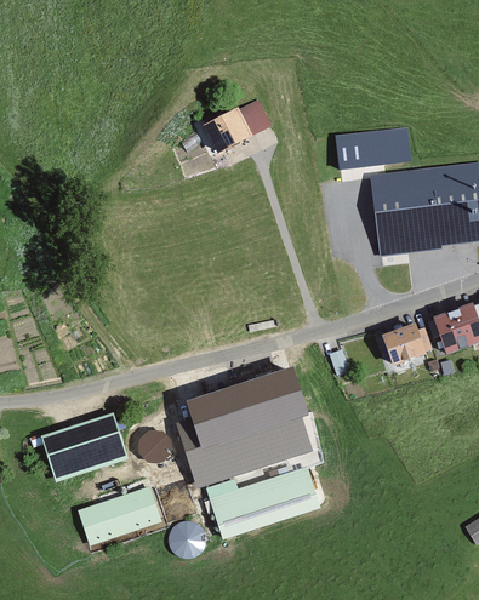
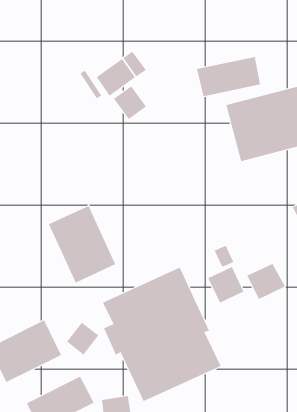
building: none -> [113,85,147,120]
building: none -> [48,205,116,283]
building: [380,321,426,364] -> [247,263,286,300]
building: none -> [208,266,244,303]

